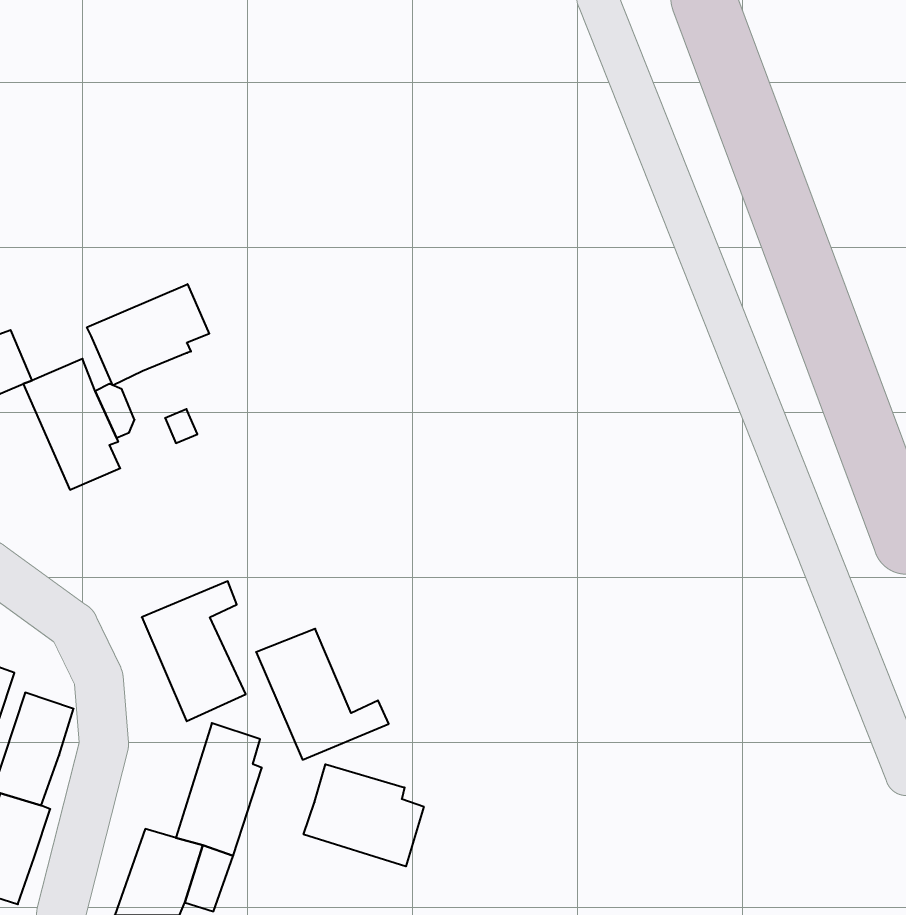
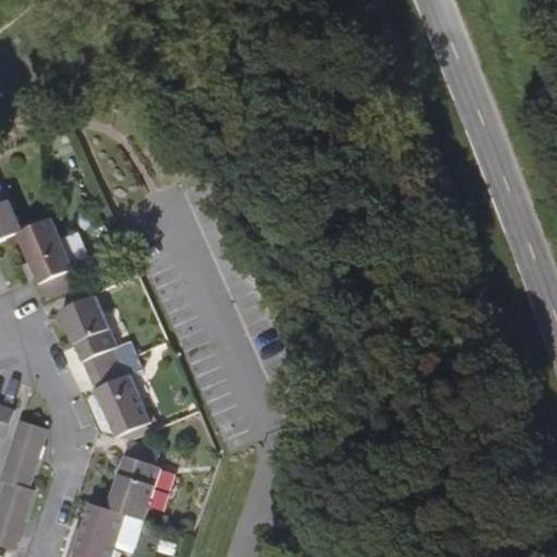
building: [87,284,209,385] -> none
building: [256,629,389,760] -> [58,295,138,374]
building: [304,764,424,866] -> none

